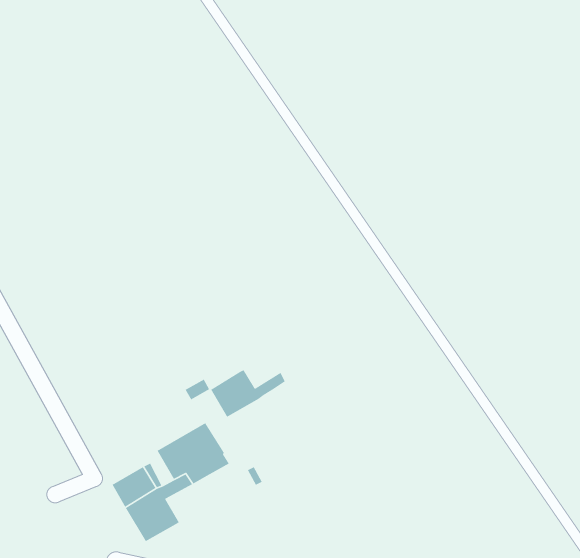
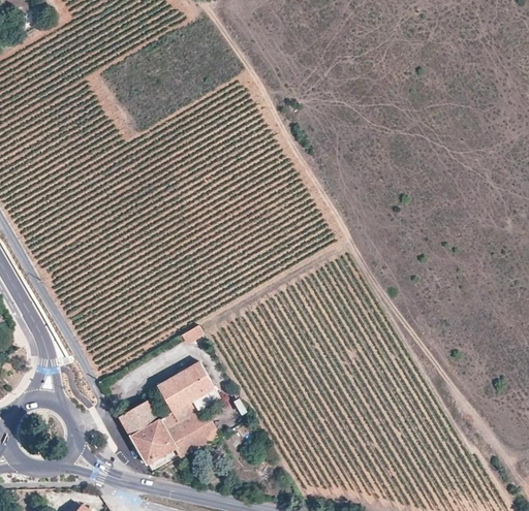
building: [210,369,286,418] -> none
building: none -> [164,408,218,458]

